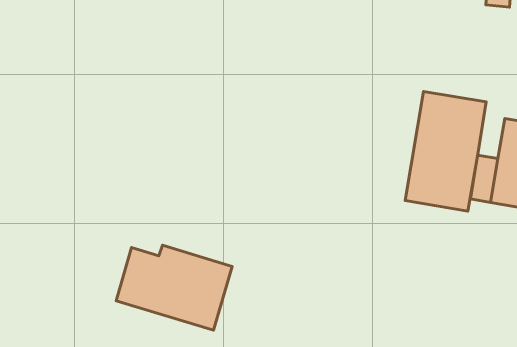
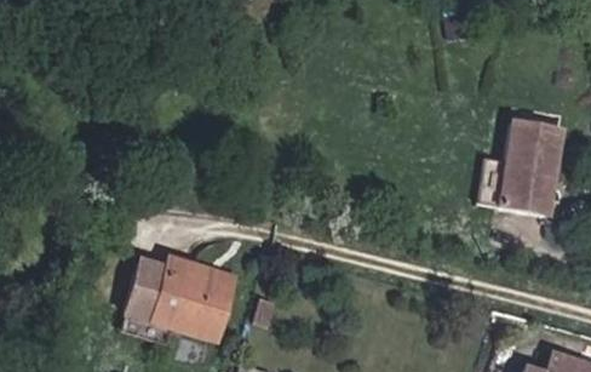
building: [405,91,486,211] -> none

